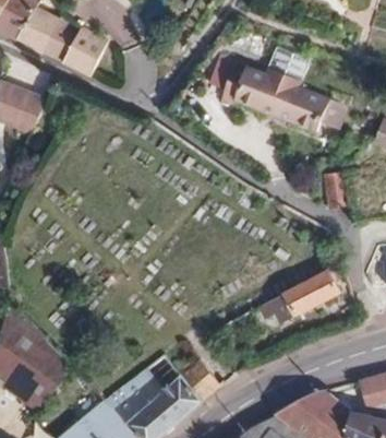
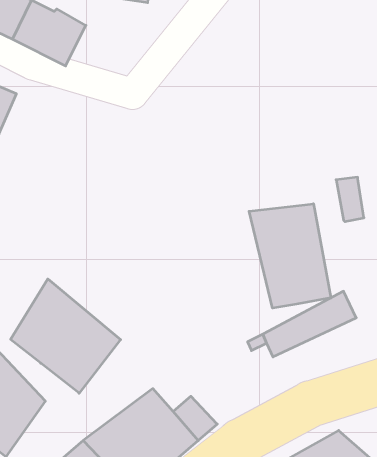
building: [208,45,347,132] -> none
building: none -> [249,204,331,308]
building: none -> [11,279,121,393]

